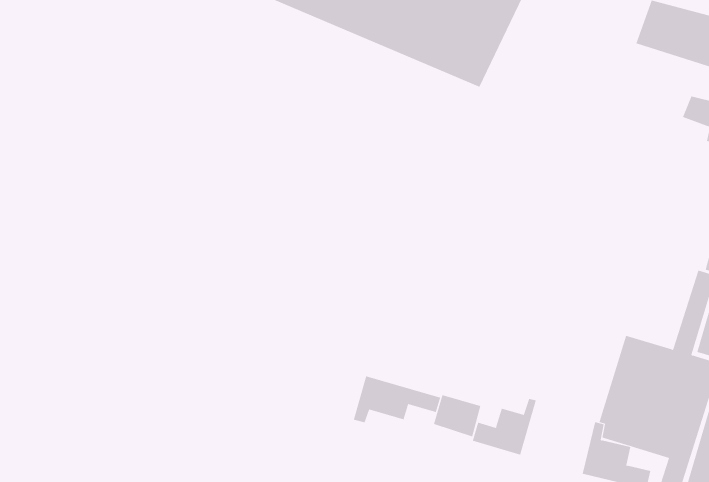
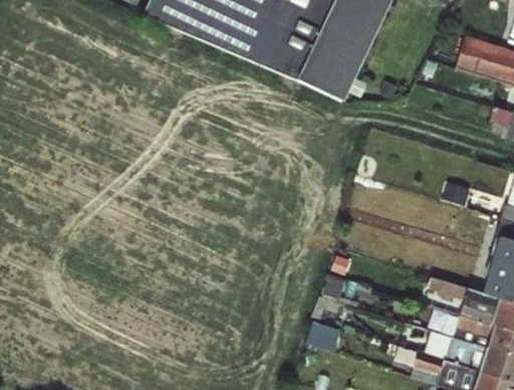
building: [353,376,441,423] -> none
building: [472,398,536,455] -> none

